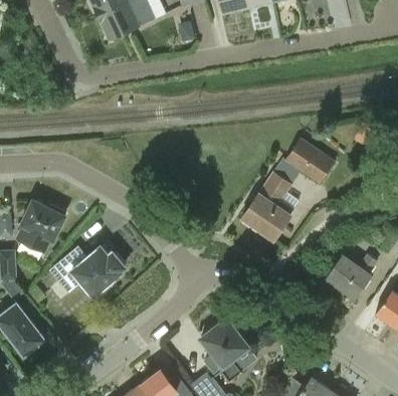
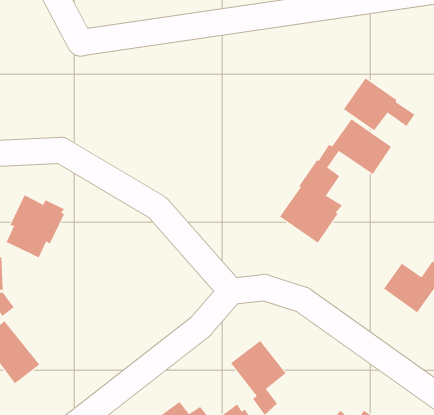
building: none -> [343,77,415,131]
building: [59,247,125,296] -> none

